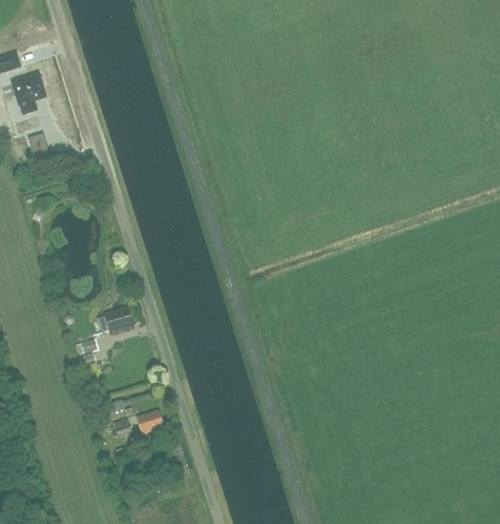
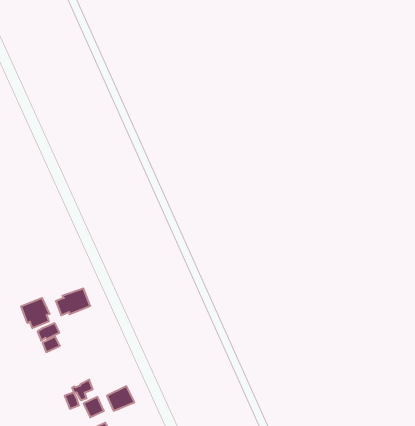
building: none -> [21,298,50,328]

